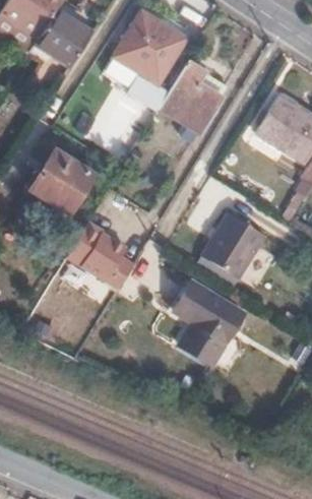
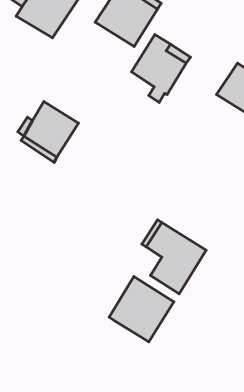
building: [67,214,137,284] -> none
building: [202,214,266,279] -> none
building: none -> [109,277,174,342]

